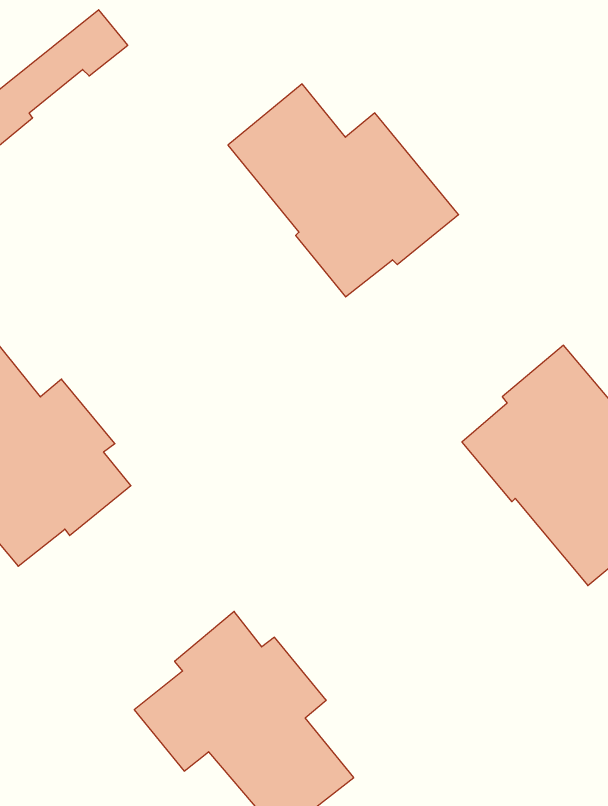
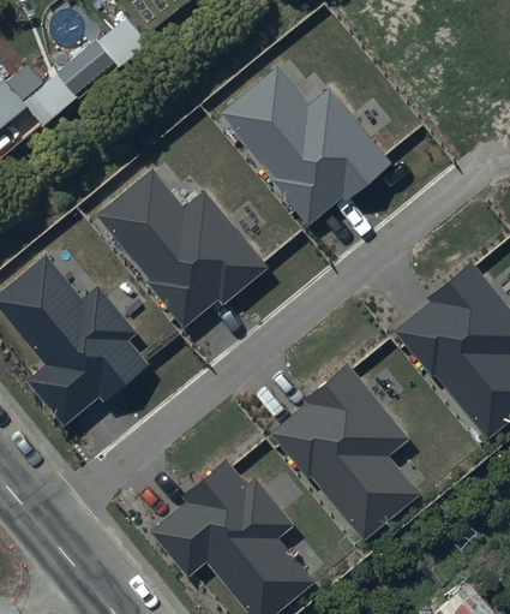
building: none -> [95,169,268,328]
building: none -> [271,362,421,541]

